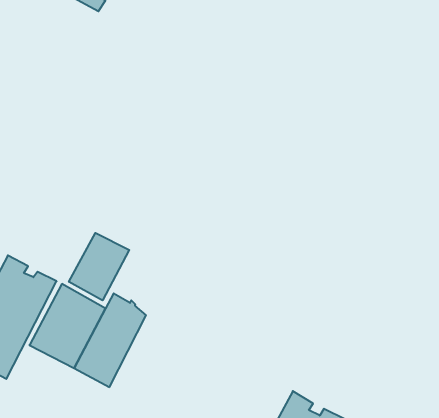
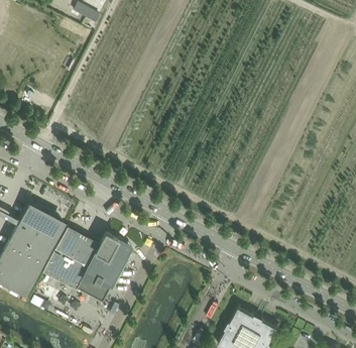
building: [69,233,129,300] -> none

